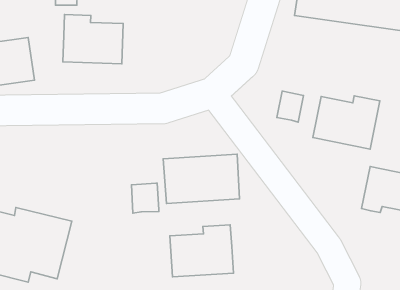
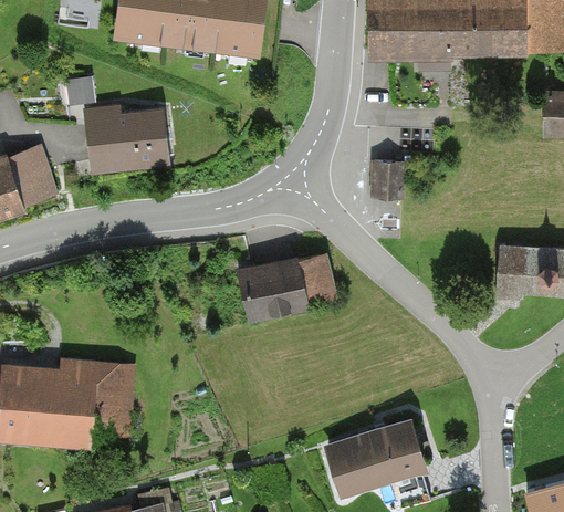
building: [313,96,380,149] -> none
building: [131,183,159,213] -> none
building: [170,225,233,277] -> none

